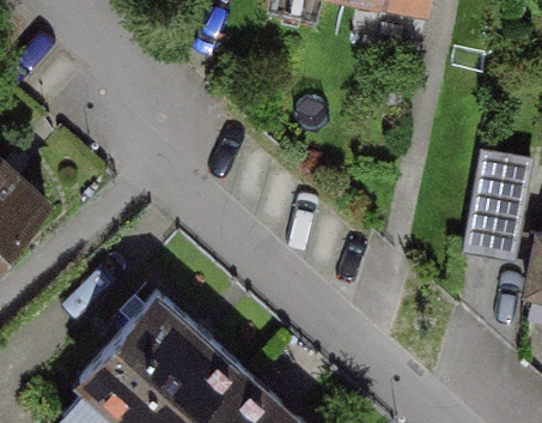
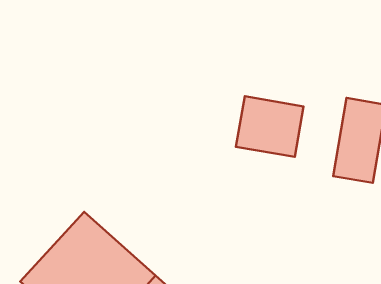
building: none -> [236,96,303,157]

